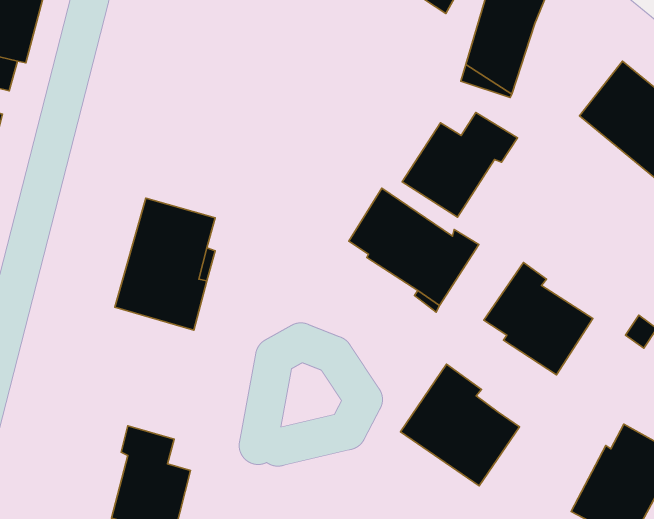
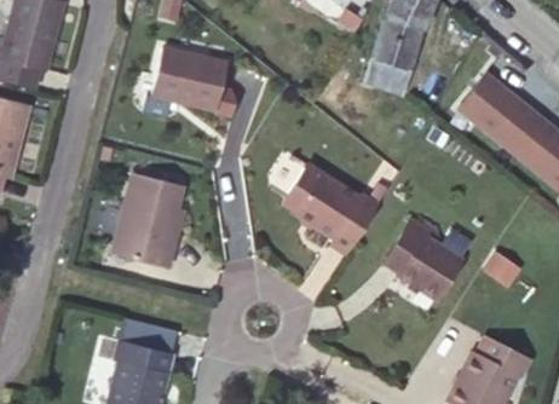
building: none -> [152,44,230,111]
building: [402,113,517,217] -> none
building: [401,364,520,486] -> none

